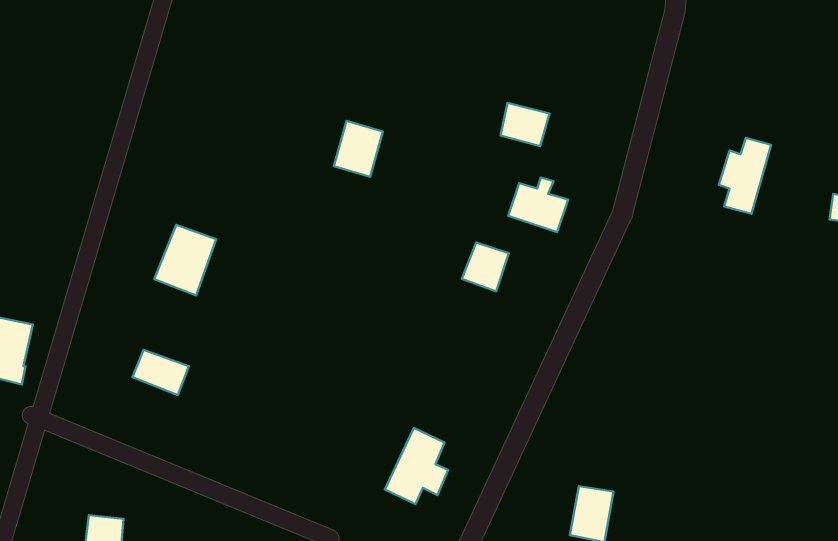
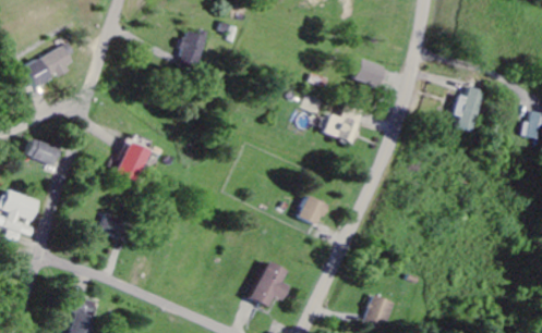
building: none -> [23,44,76,85]
building: [500,103,549,146] -> [357,59,386,85]
building: [334,121,383,177] -> [176,29,205,63]
building: none -> [25,138,60,165]
building: [462,242,509,291] -> [298,196,326,225]

